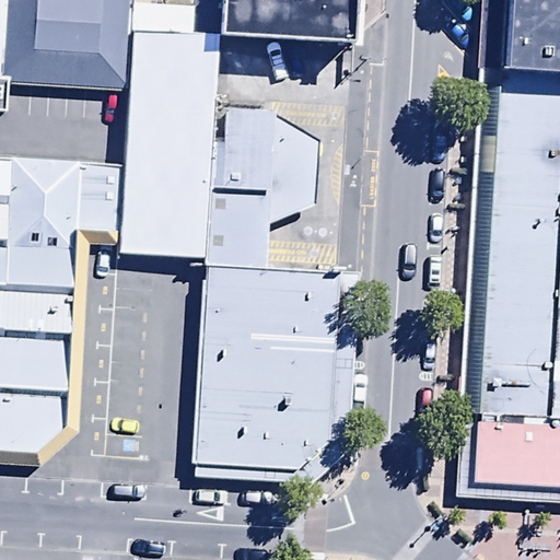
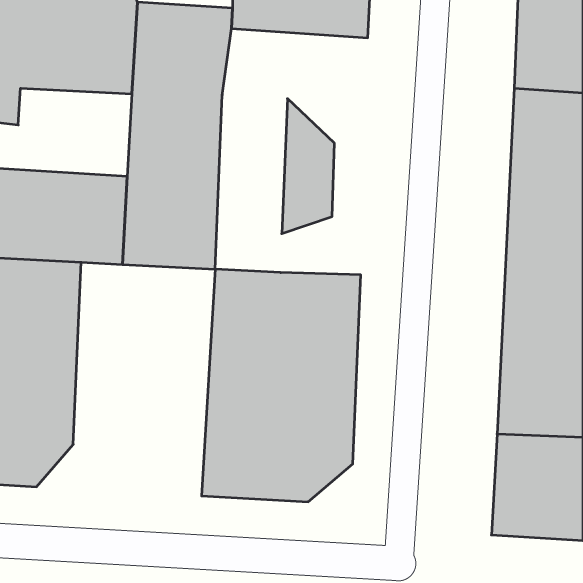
building: [206,91,275,260] -> none

